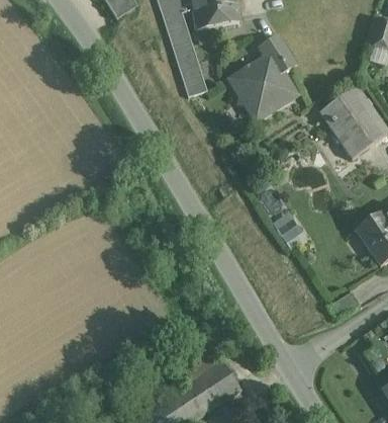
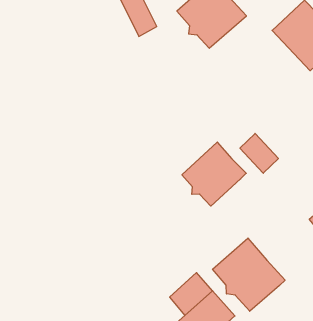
building: none -> [182,142,246,206]
building: none -> [213,238,285,311]

